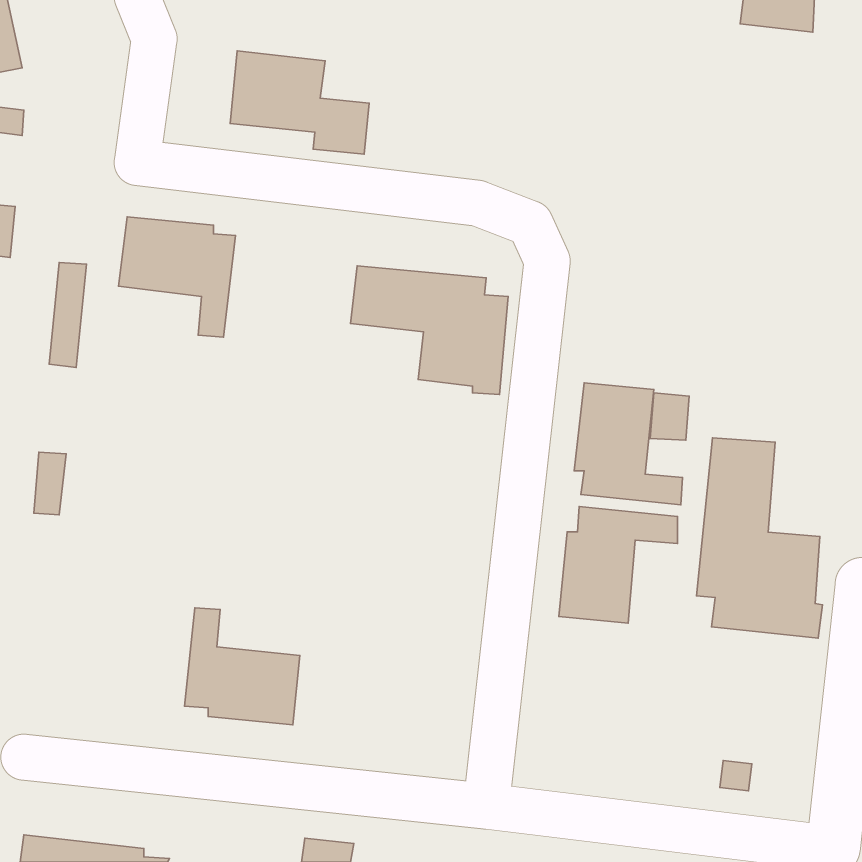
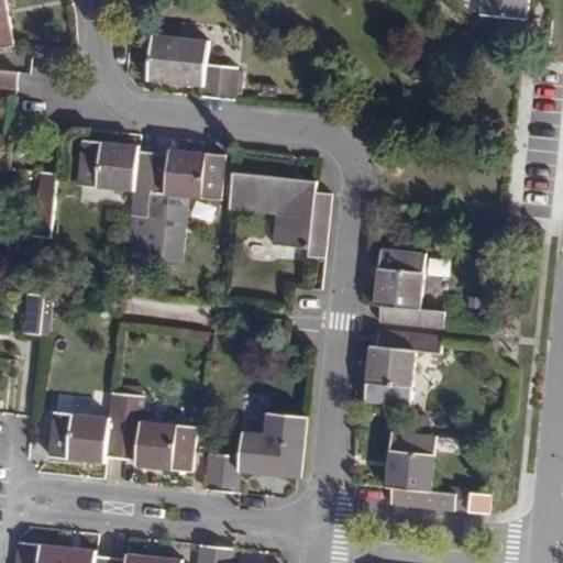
building: none -> [142,150,224,264]
building: [697,438,822,638] -> none
building: none -> [47,393,126,462]
building: none -> [203,411,307,492]
building: none -> [384,431,454,510]

